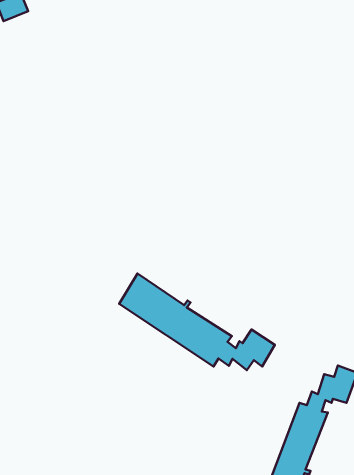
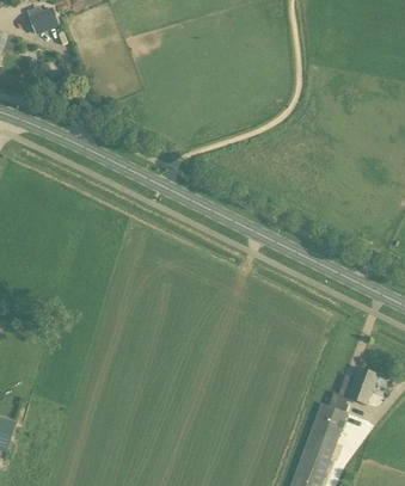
building: [119,274,275,370] -> none

